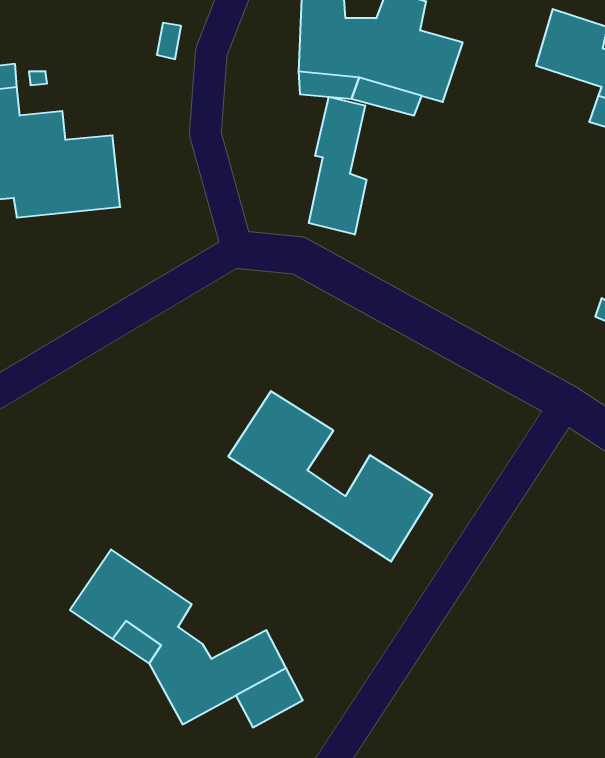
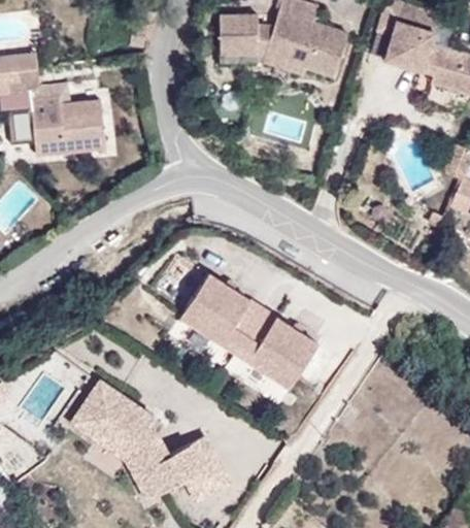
building: [309,97,366,235] -> none
building: none -> [233,299,275,343]

